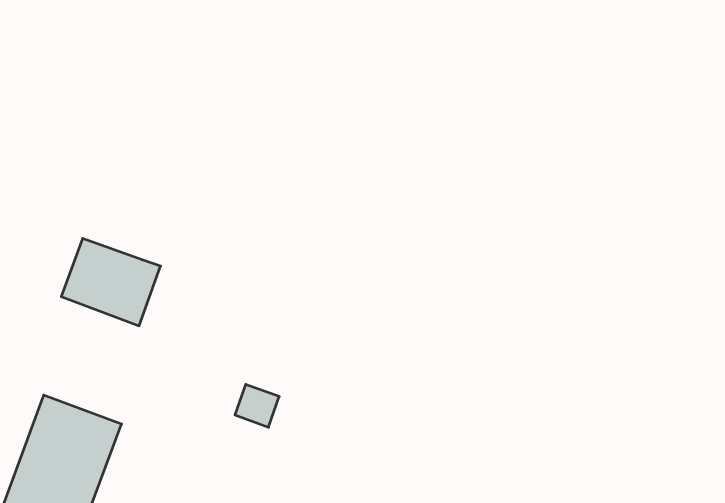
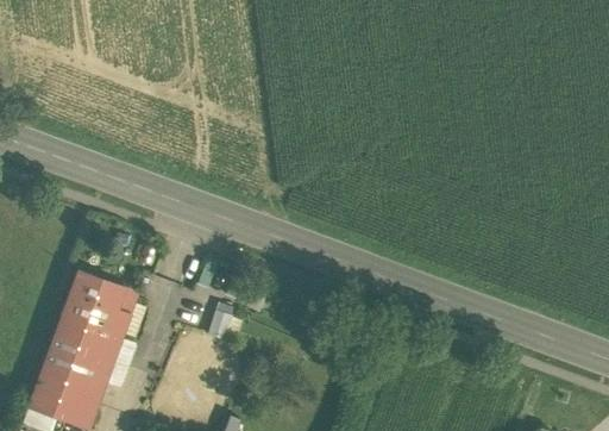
building: [61,238,161,326] -> [59,271,137,339]

